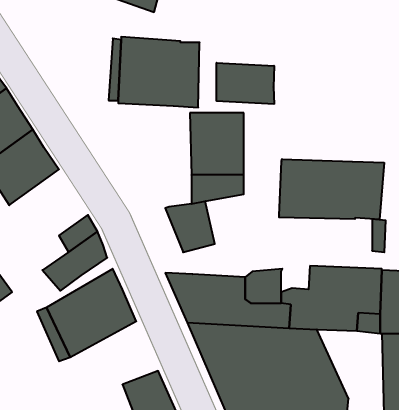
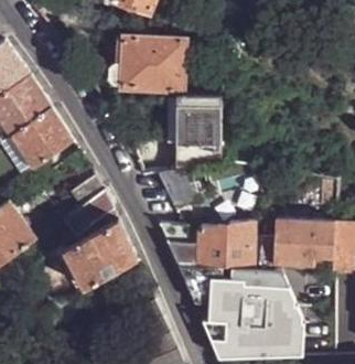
building: [217,63,274,104] -> none
building: [279,159,384,220] -> none

